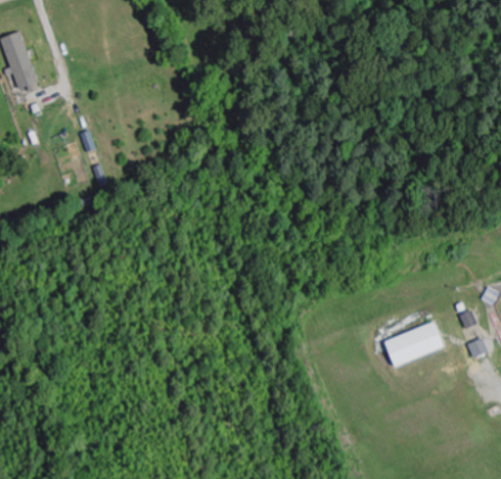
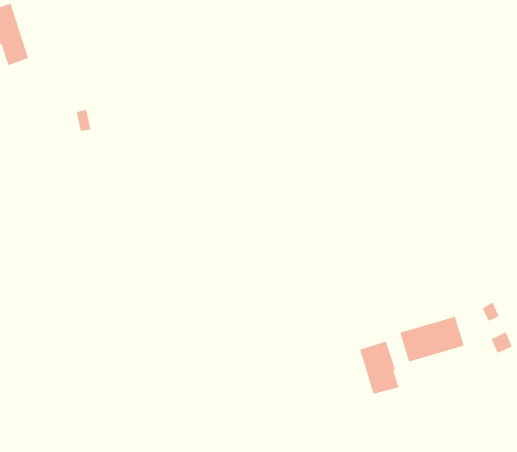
building: none -> [360,341,399,395]

